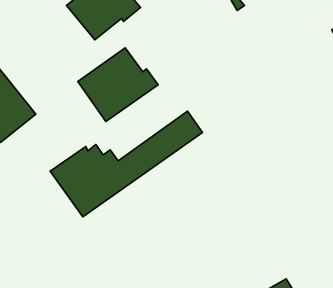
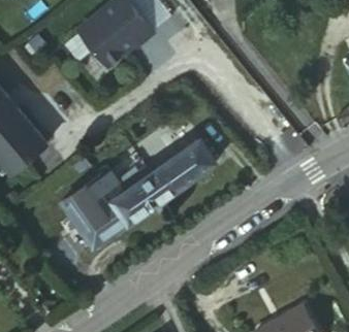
building: [78,48,158,121] -> none

